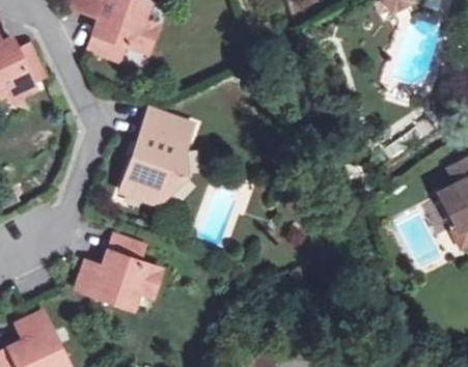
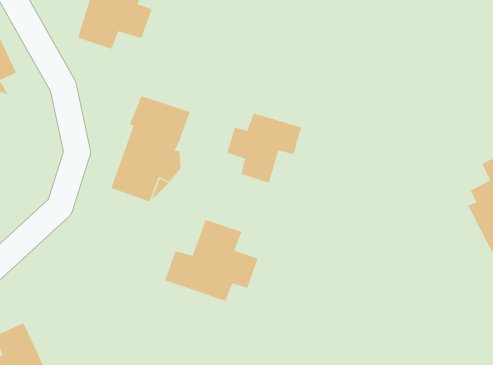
building: none -> [226,113,302,184]
building: [76,233,160,307] -> [164,219,258,301]

